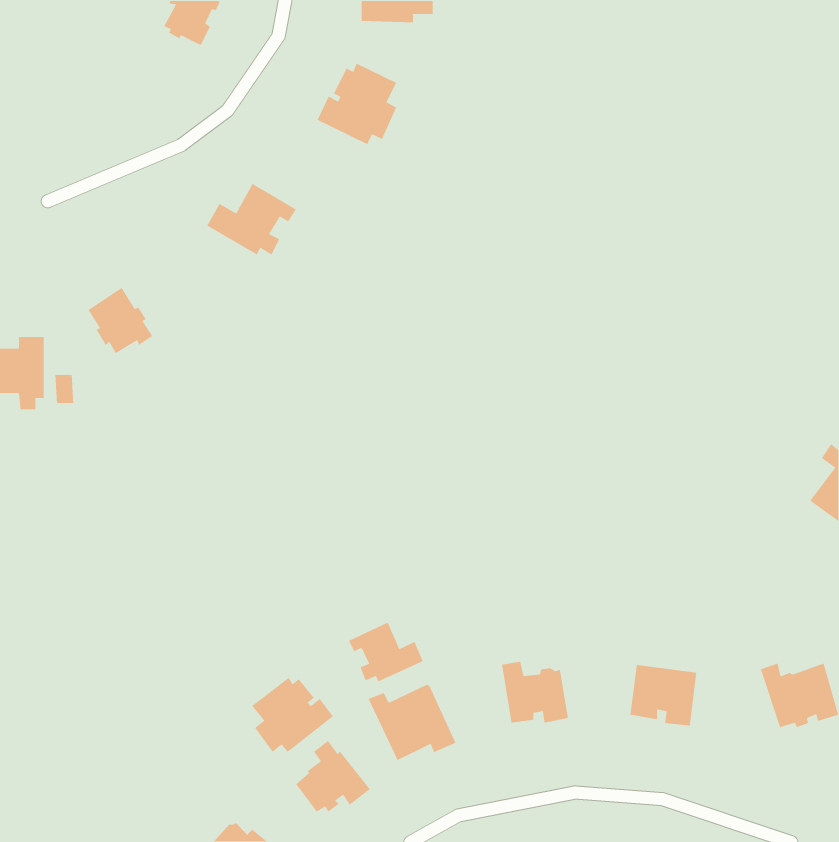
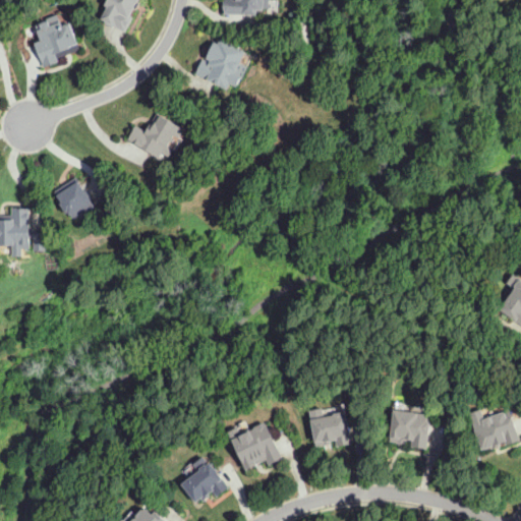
building: none -> [34,15,79,67]
building: [348,622,424,683] -> none
building: [251,677,334,753] -> none

